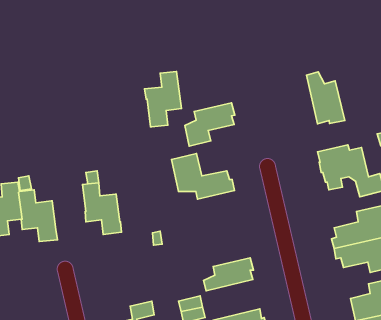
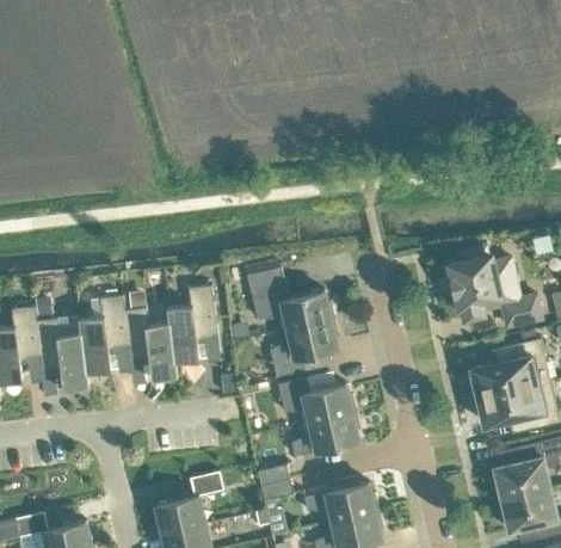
building: [144,72,182,127] -> [166,284,217,361]
building: [306,72,345,124] -> none
building: [185,103,235,146] -> [269,318,338,377]
building: none -> [78,295,128,371]
building: none -> [277,376,355,423]

